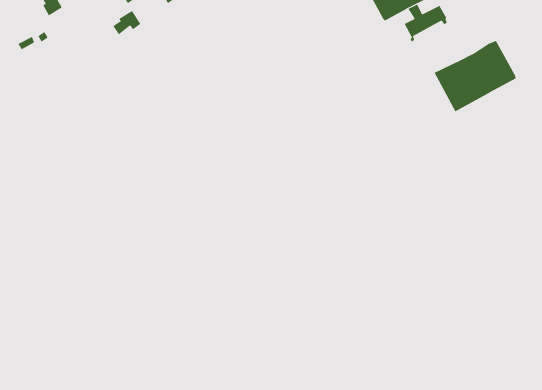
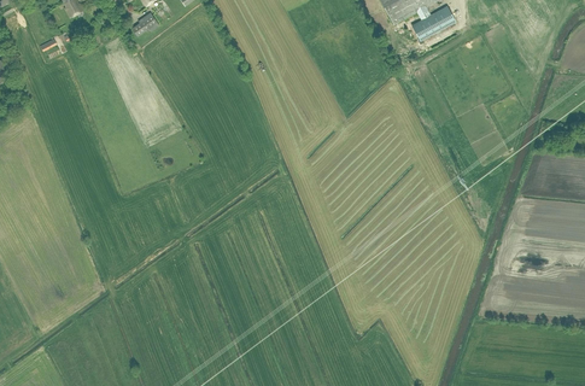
building: [434,40,516,112] -> none

